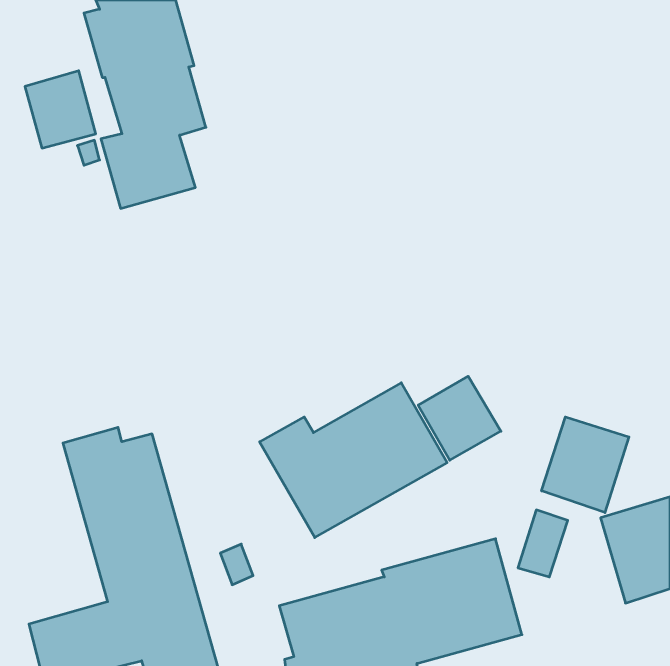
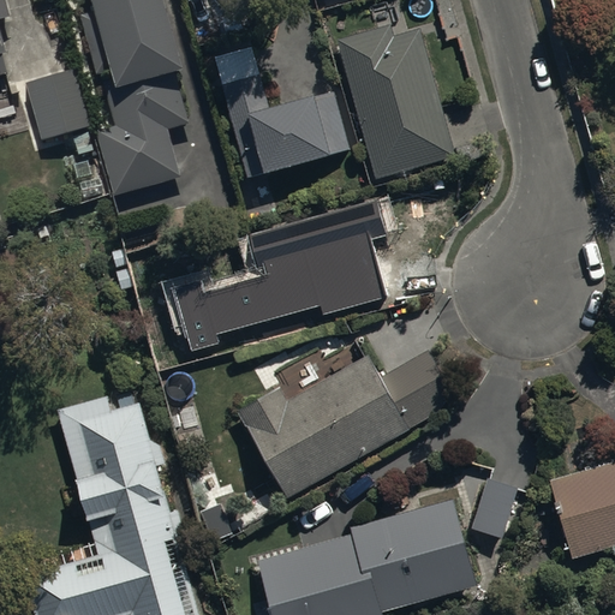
building: none -> [338,25,456,177]
building: none -> [220,70,351,178]
building: none -> [173,204,386,354]
building: [542,417,629,513] -> none

